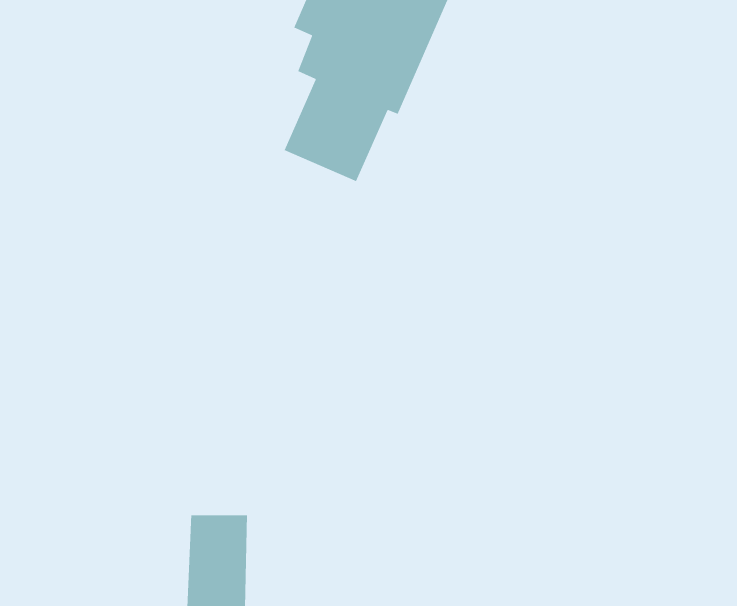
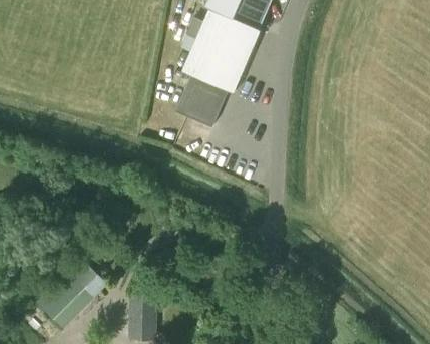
building: none -> [44,262,110,329]

